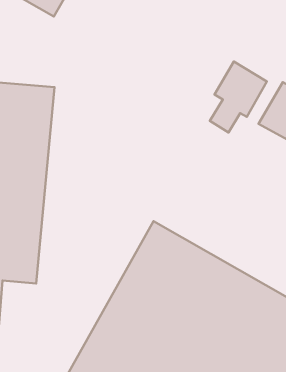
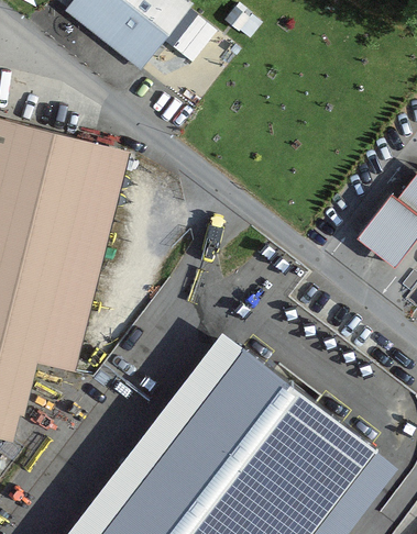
building: [210,61,267,132] -> none

